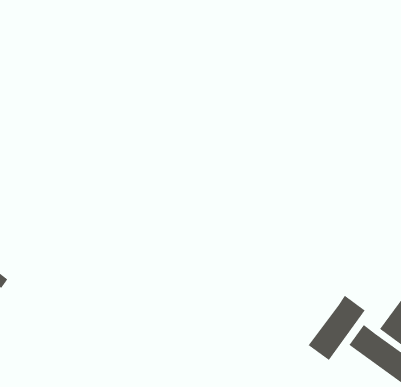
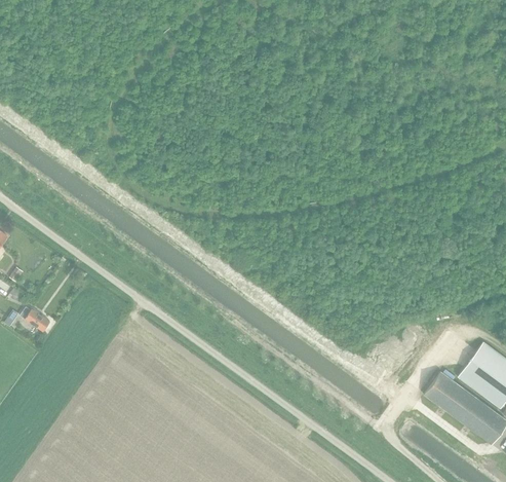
building: [308,295,366,361] -> none

